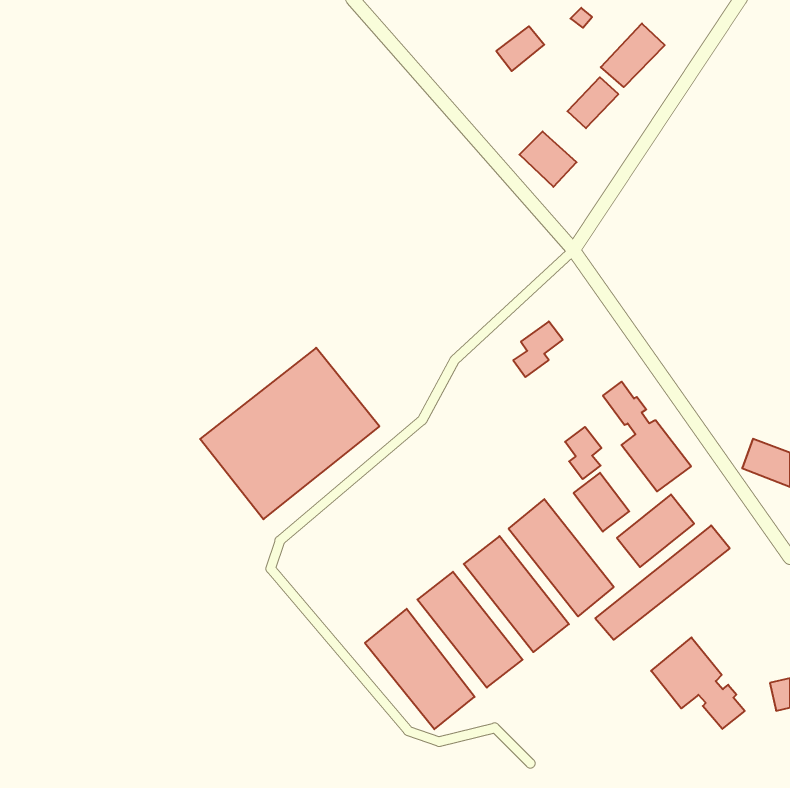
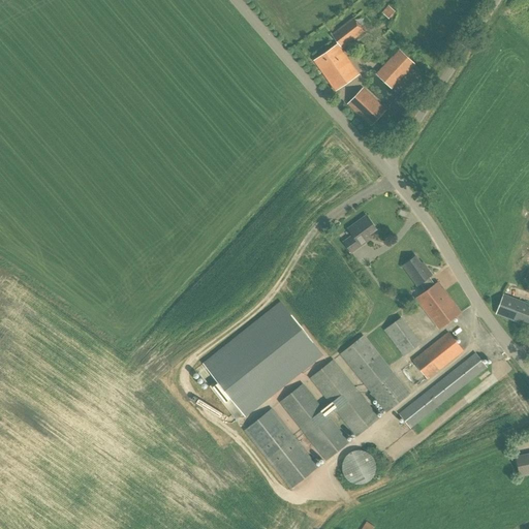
building: [601,23,665,87] -> none
building: none -> [314,43,359,90]
building: [200,348,379,519] -> [203,301,322,415]
building: [565,427,601,479] -> none
building: [651,637,745,729] -> none
building: none -> [342,449,376,484]

